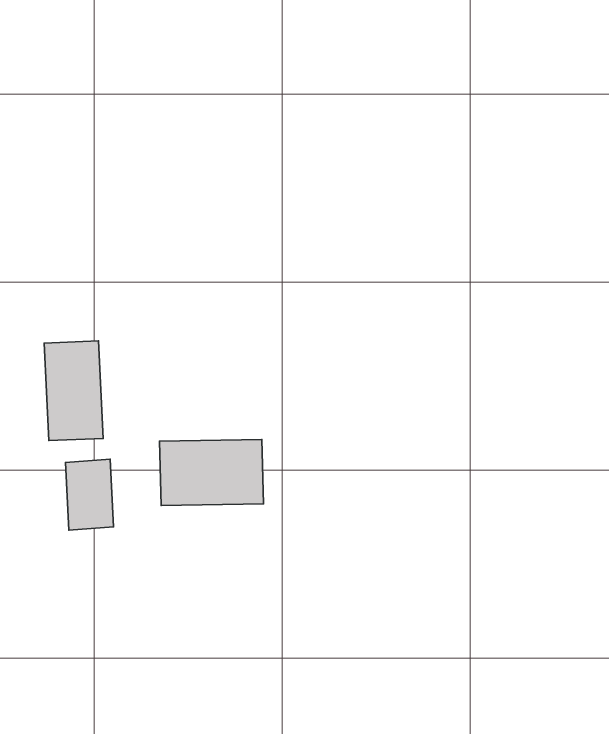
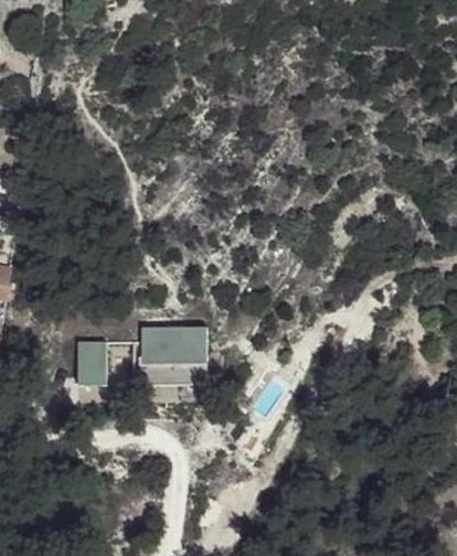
building: [44,341,103,441] -> none

